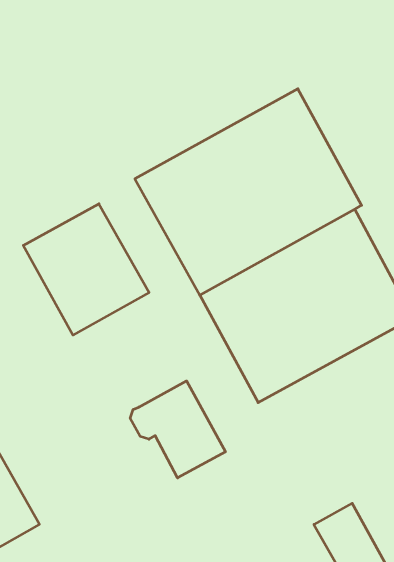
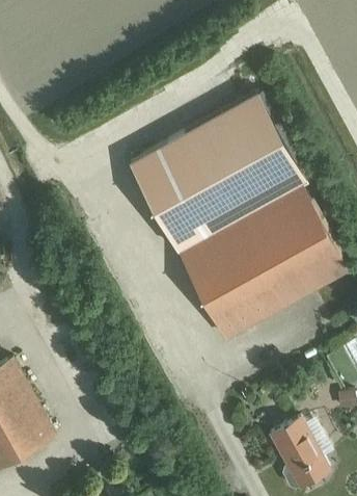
building: [23,204,149,335] -> none
building: [130,381,225,478] -> none

